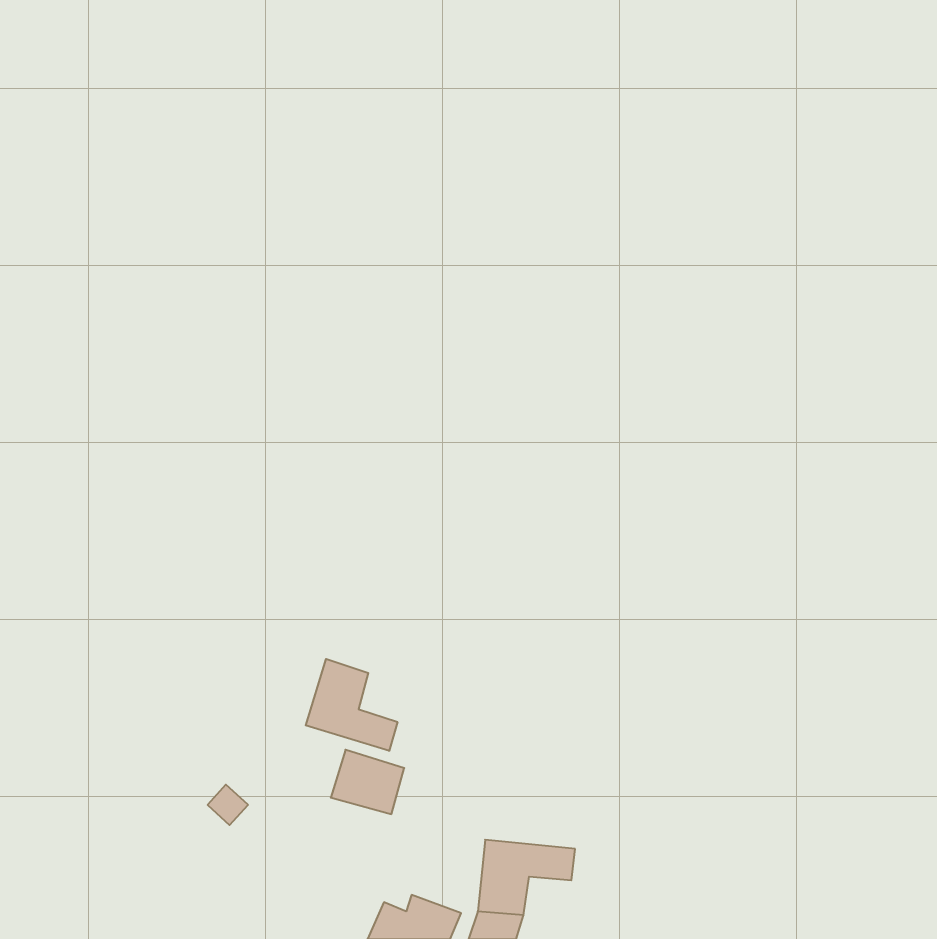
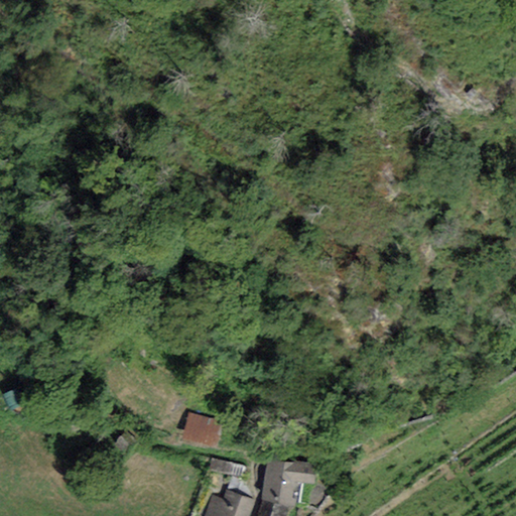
building: [306,659,397,751] -> none

